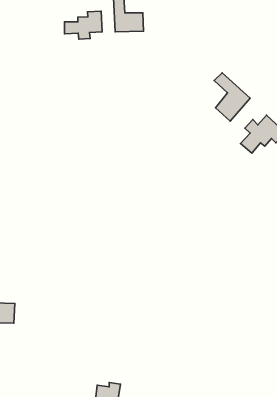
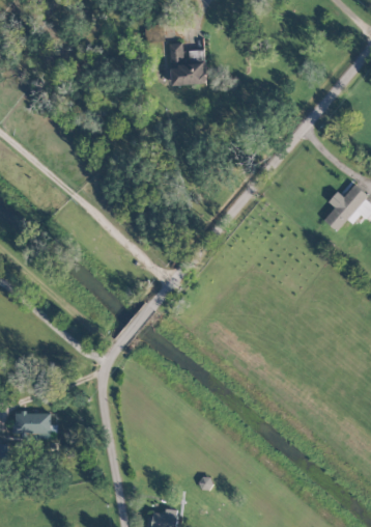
building: [65,11,102,39] -> none
building: [214,73,250,121] -> none

